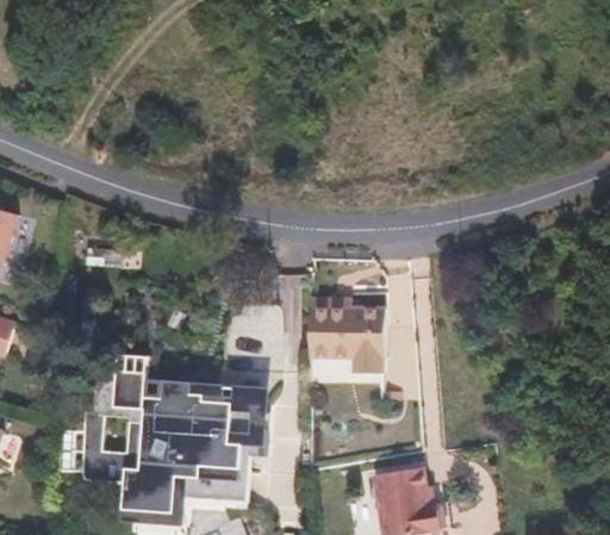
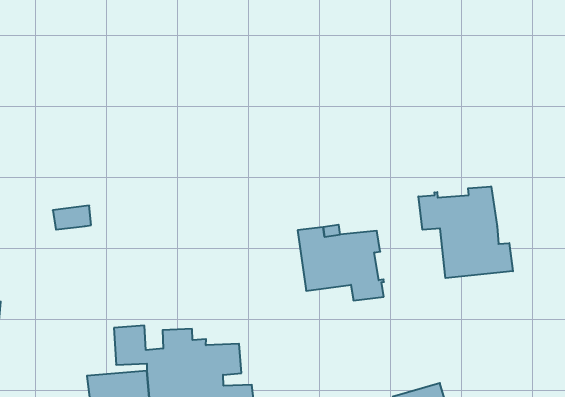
building: none -> [418,186,513,278]
building: [194,377,248,440] -> none

